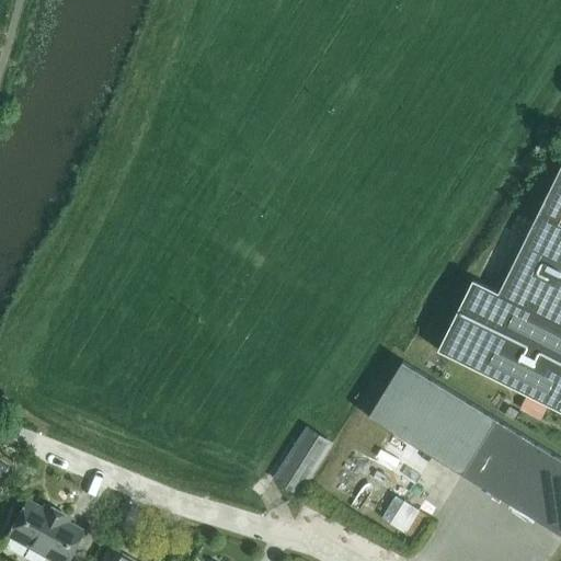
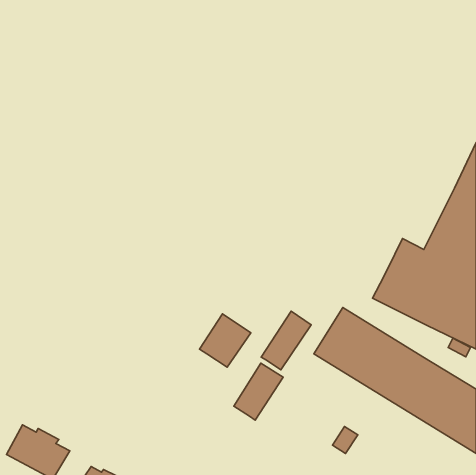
building: none -> [261,311,311,370]
building: none -> [199,314,251,367]

